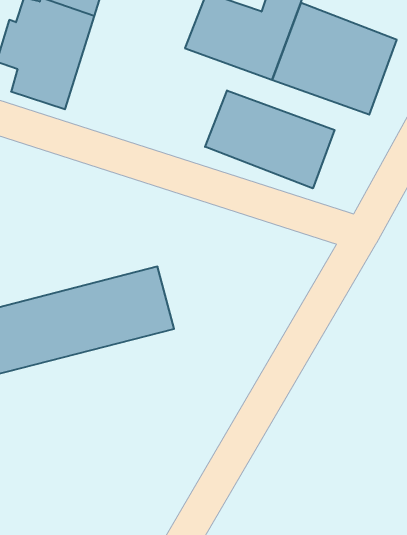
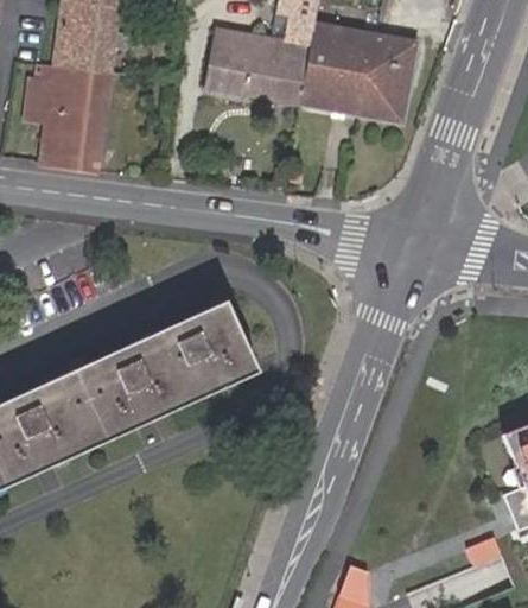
building: [205,90,335,188] -> none

